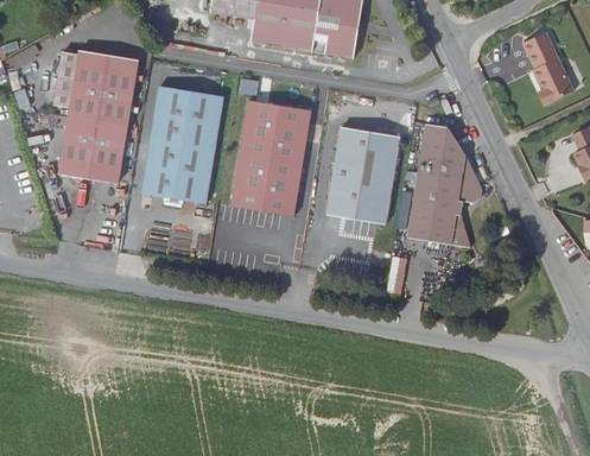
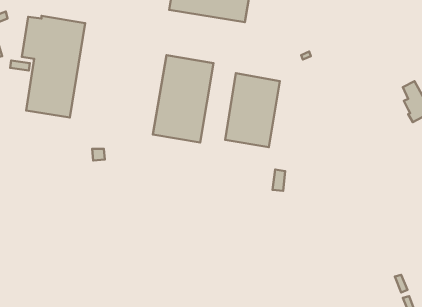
building: [524,37,575,109] -> none
building: [145,83,224,204] -> none
building: [410,122,481,247] -> none

